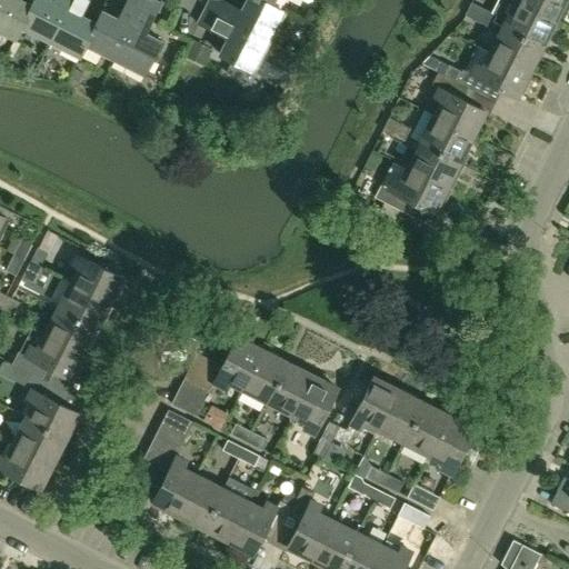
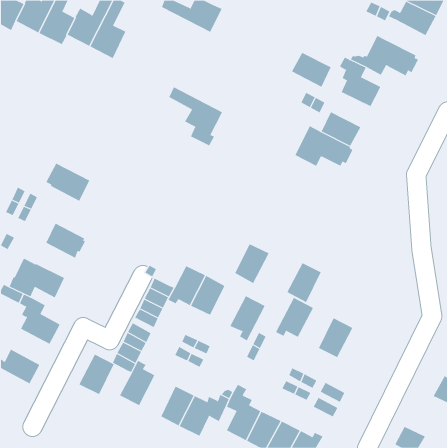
building: [199,9,268,84] -> [168,87,223,146]
building: [491,26,541,70] -> none
building: [420,117,471,161] -> [291,52,332,87]
building: [66,253,122,302] -> [45,163,90,202]
building: [46,308,97,352] -> none
building: [268,362,312,413] -> [234,244,269,284]
building: [379,390,423,441] -> [286,263,321,303]
building: [429,416,475,473] -> none
building: [14,417,64,462] -> none
building: [178,476,223,528] -> [79,354,115,395]

